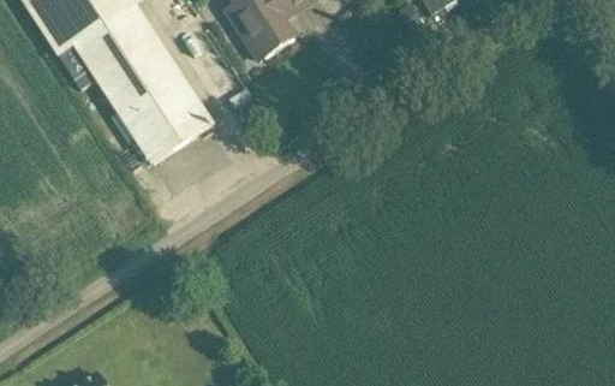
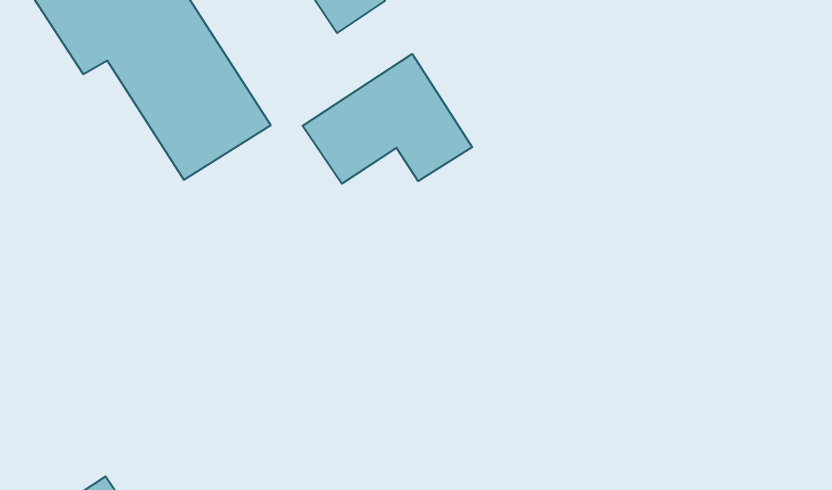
building: none -> [303,54,472,184]

